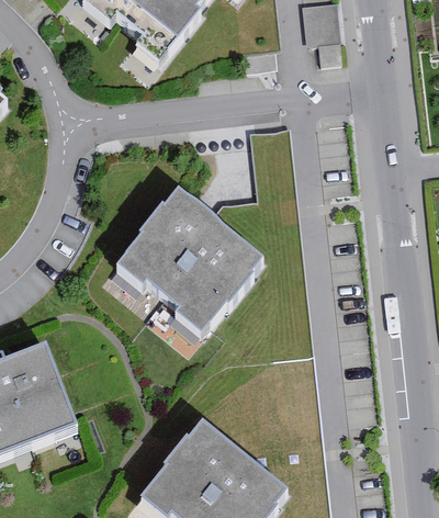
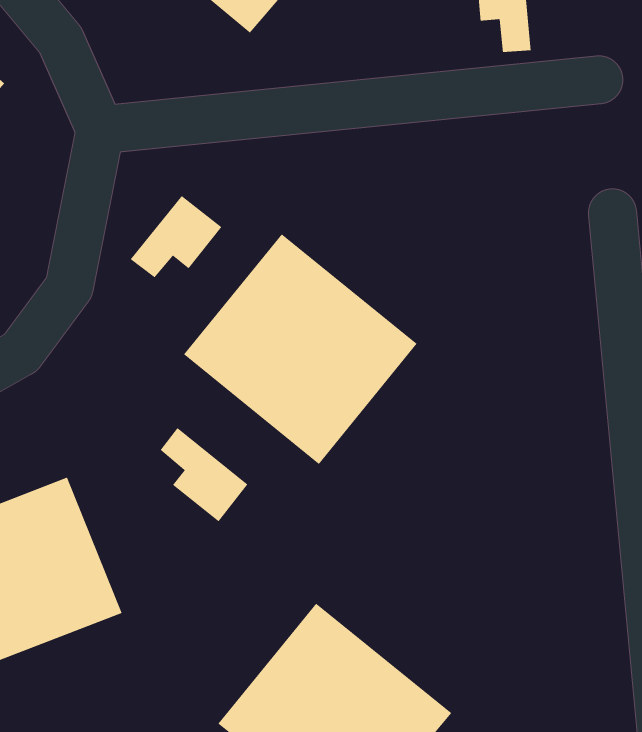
building: none -> [130,195,222,278]
building: none -> [160,427,248,522]

